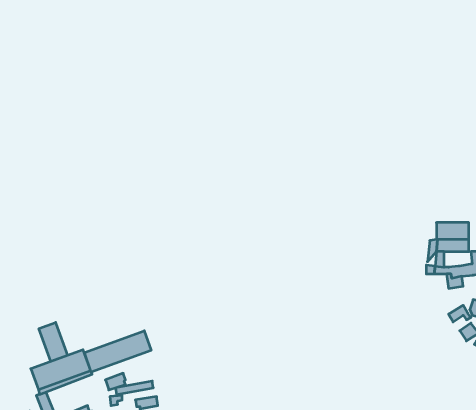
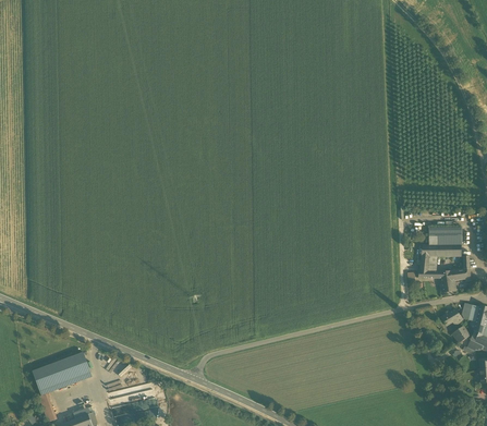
building: [39,322,67,361] -> none
building: [84,331,151,372] -> none

